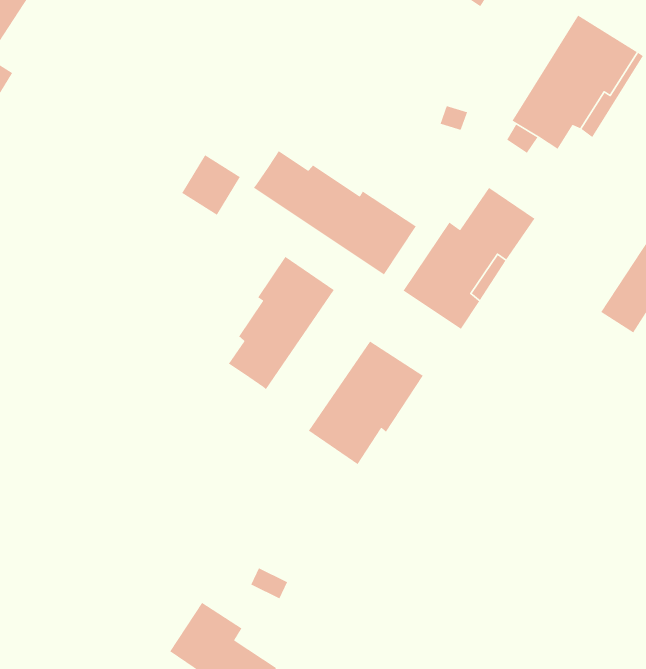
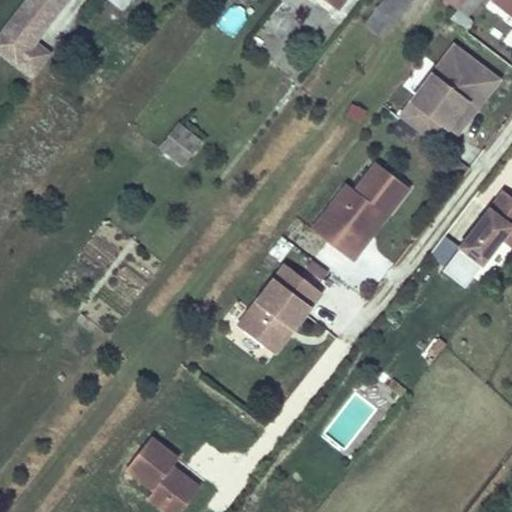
building: [253,150,417,275] -> none
building: [228,256,335,390] -> none

